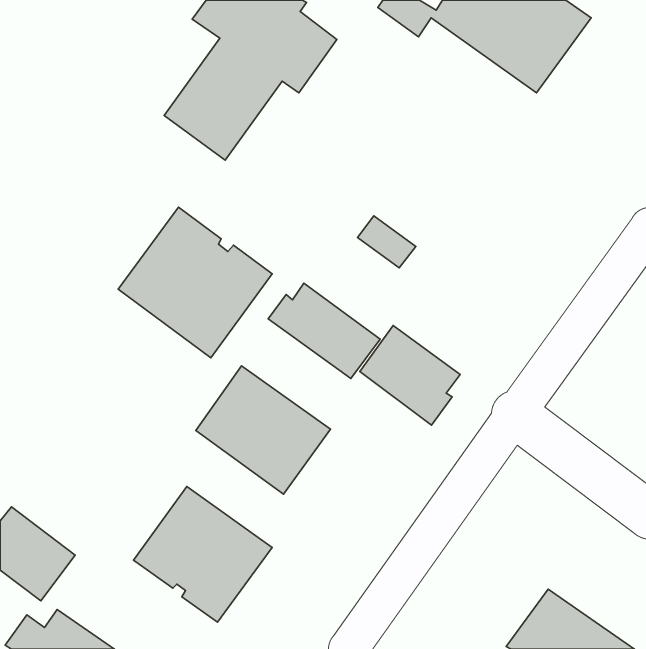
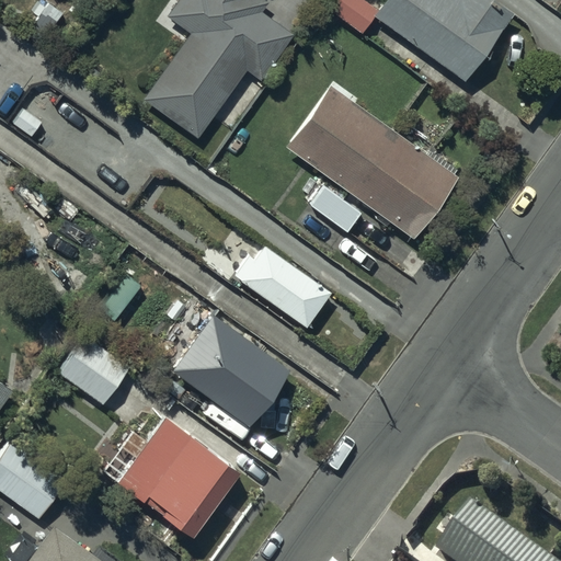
building: none -> [286,85,458,239]
building: [118,207,272,358] -> none
building: [360,326,460,425] -> none
building: none -> [60,335,130,403]

